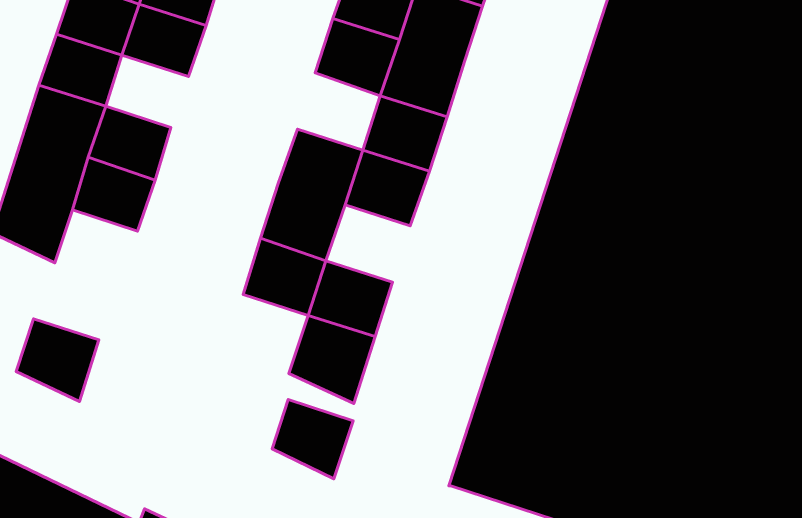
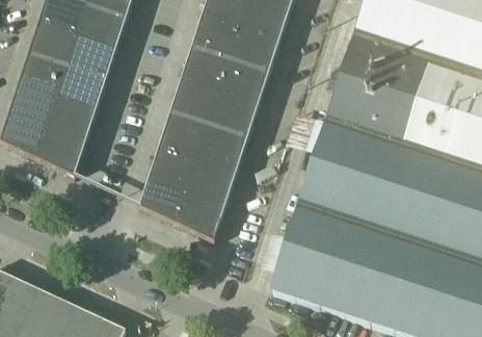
building: none -> [68,35,116,78]
building: none -> [181,46,230,92]
building: none -> [197,124,247,170]
building: [16,319,99,401] -> [37,127,86,176]
building: [272,400,353,479] -> [139,177,187,224]

